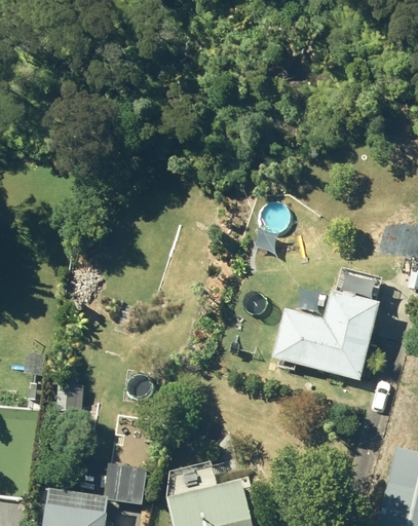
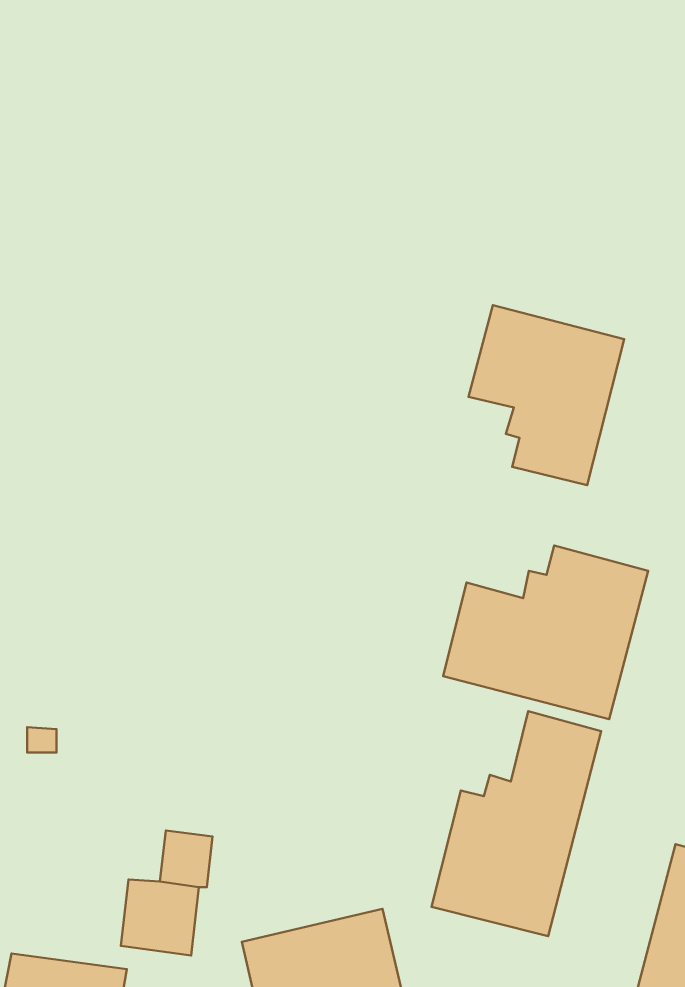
building: none -> [468,305,624,485]
building: none -> [432,711,601,936]

